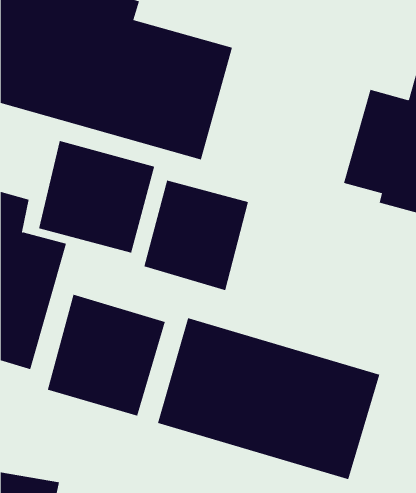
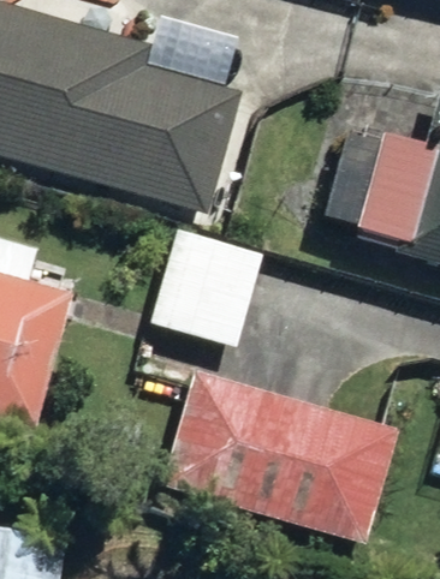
building: [39,140,155,254] -> none
building: [47,294,165,417] -> none

